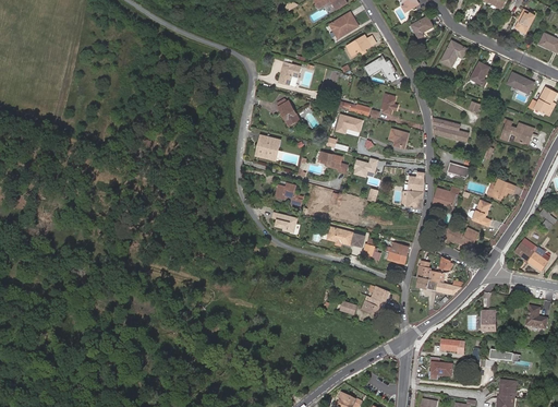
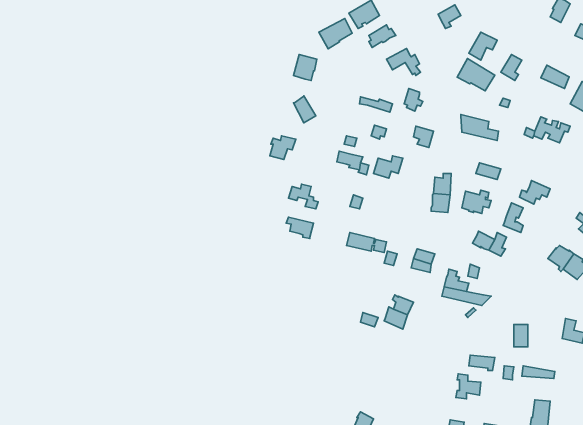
building: none -> [319,19,352,49]
building: none -> [457,58,495,91]

